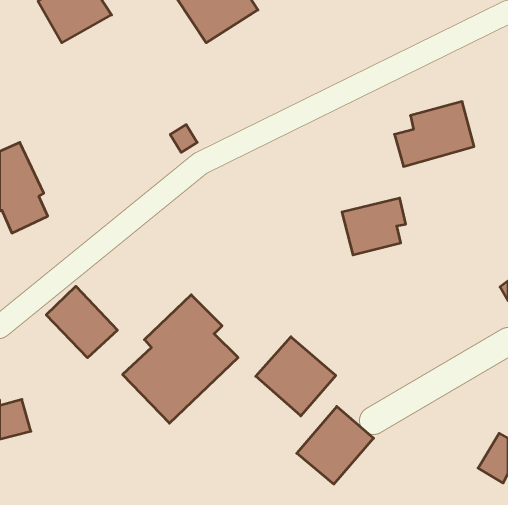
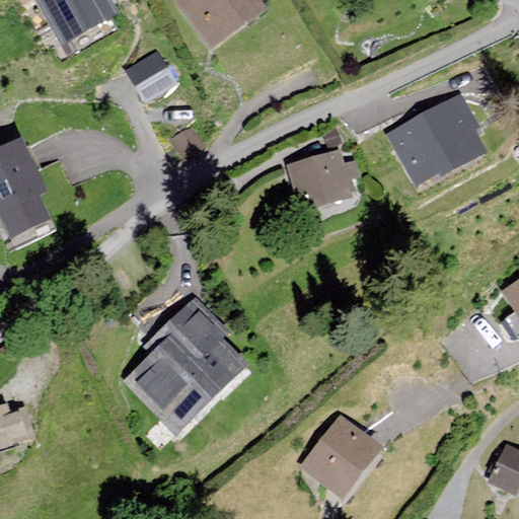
building: none -> [128,56,172,100]
building: [342,198,406,255] -> [288,152,353,210]
building: [46,286,117,358] -> none
building: [256,337,336,416] -> none

